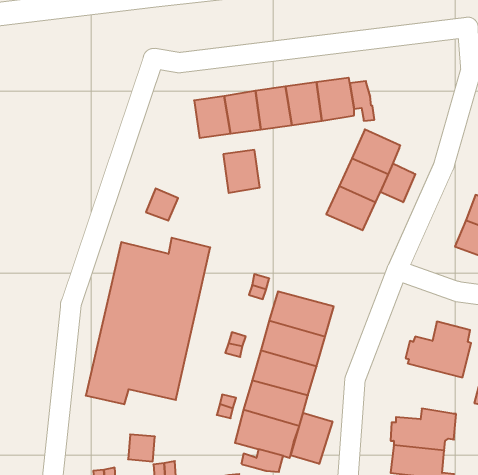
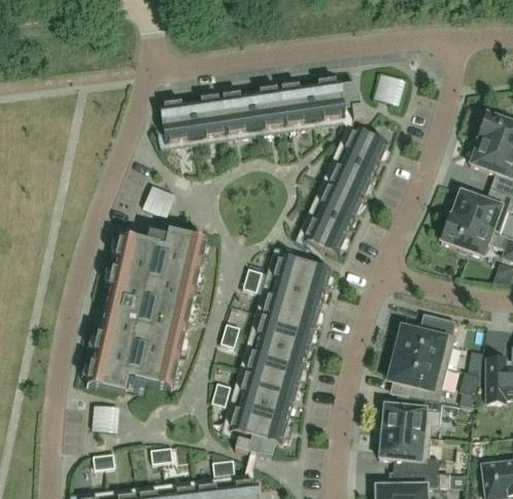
building: none -> [374,75,404,105]
building: [223,150,260,193] -> [160,102,195,143]
building: [381,164,415,202] -> none
building: none -> [304,211,351,255]
building: none -> [270,256,332,299]
building: none -> [386,354,447,402]
building: [291,413,332,464] -> none
building: [128,434,155,461] -> [92,406,117,432]

